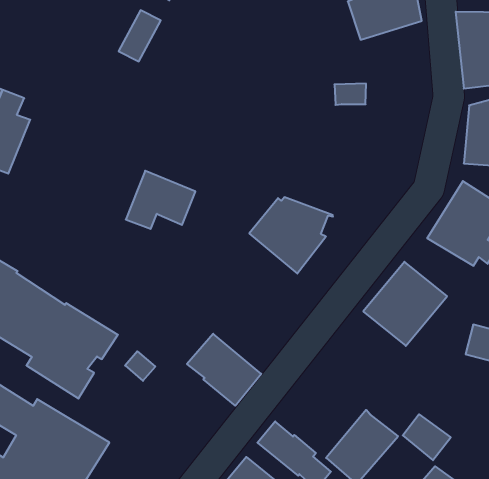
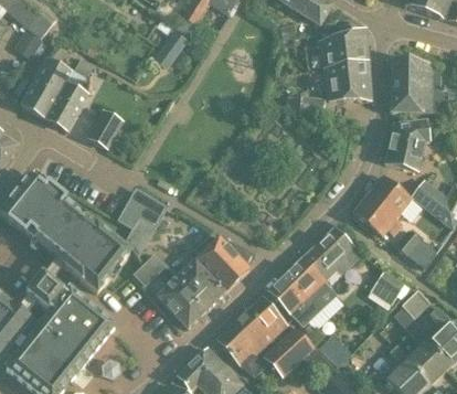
building: none -> [325,61,372,99]
building: none -> [89,110,123,148]
building: [126,171,195,229] -> [117,188,168,228]
building: [249,197,333,274] -> [196,237,256,291]
building: none -> [269,257,329,324]
building: none -> [158,278,205,328]
building: none -> [232,297,288,351]

